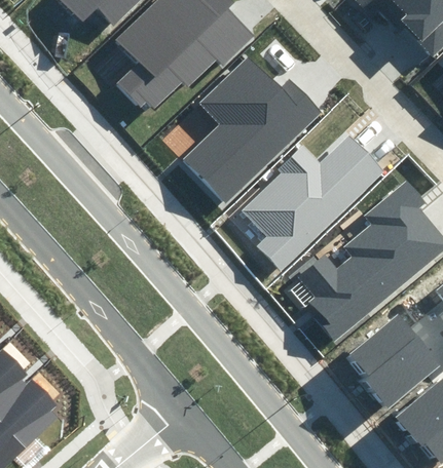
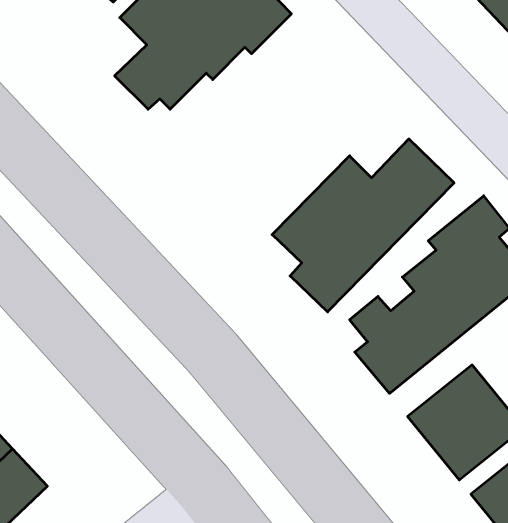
building: [182,51,324,202] -> none

